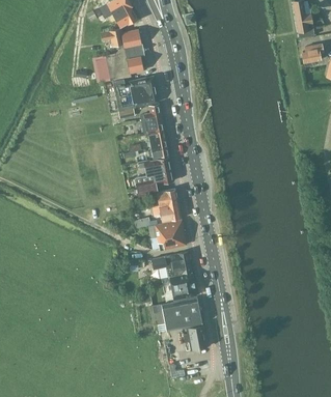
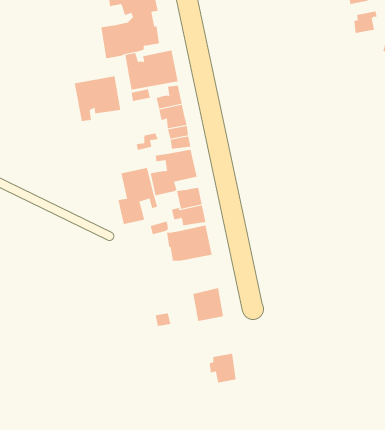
building: none -> [74,75,121,122]
building: none -> [118,167,158,225]
building: [151,252,191,277] -> none
building: [153,297,201,331] -> none

